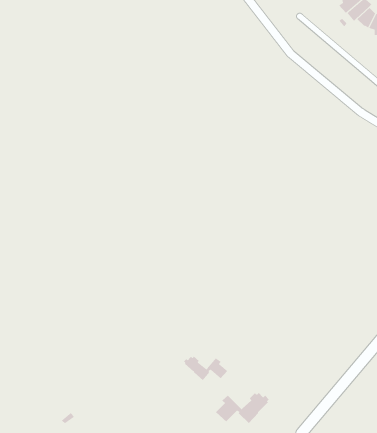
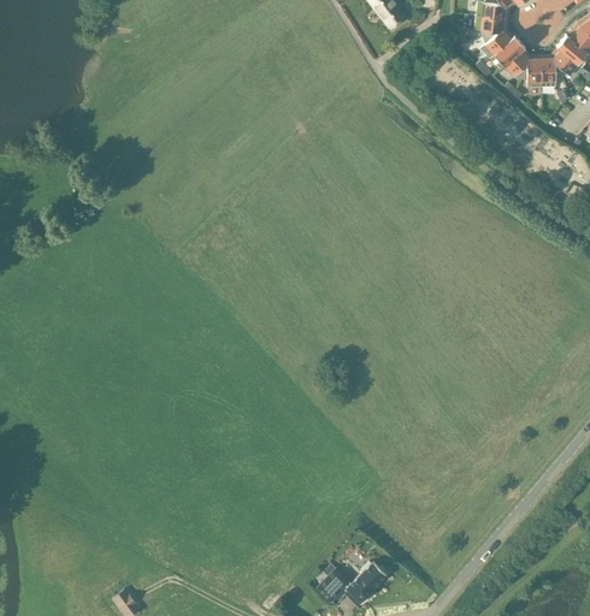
building: [183,356,228,381] -> none

